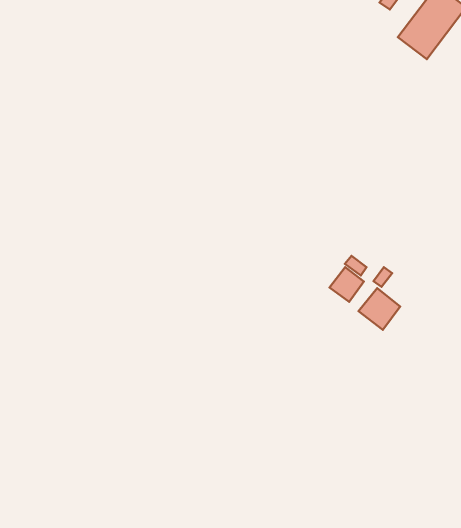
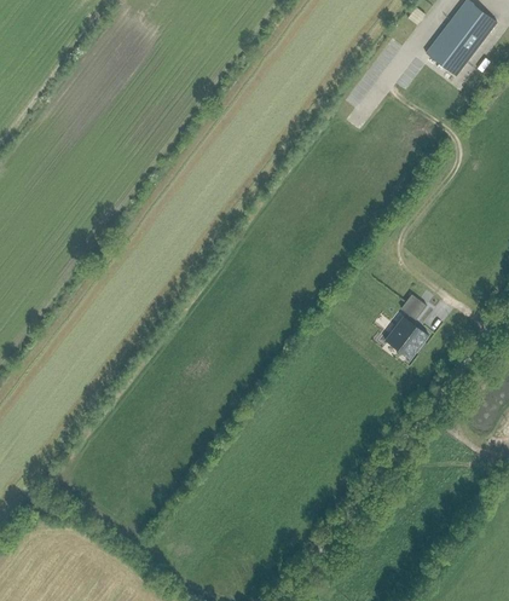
building: [330,267,364,302] -> none

